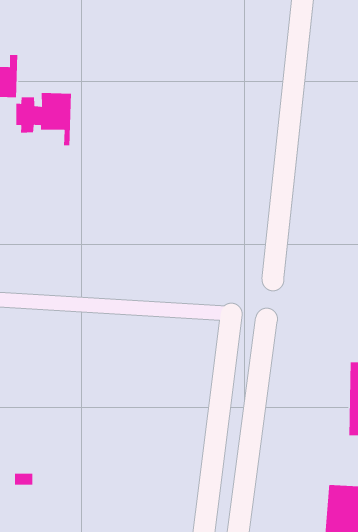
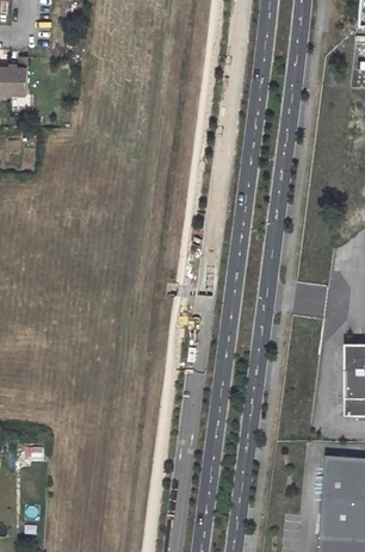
building: [15,92,72,146] -> none

